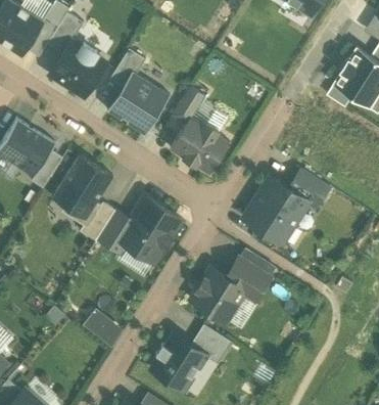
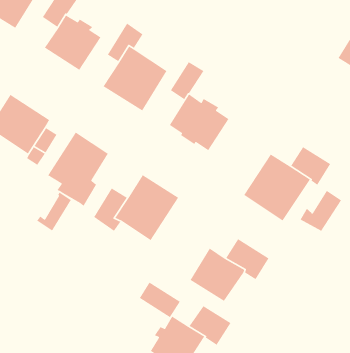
building: [81,201,115,240] -> [36,192,72,231]
building: none -> [300,190,342,232]
building: [82,309,123,345] -> [139,282,181,318]

